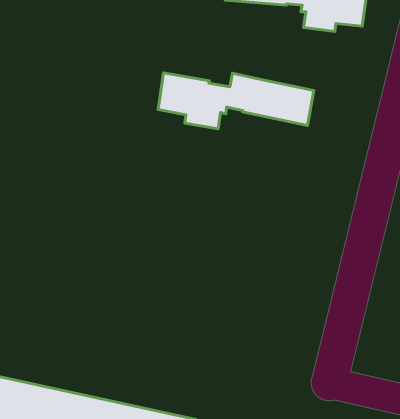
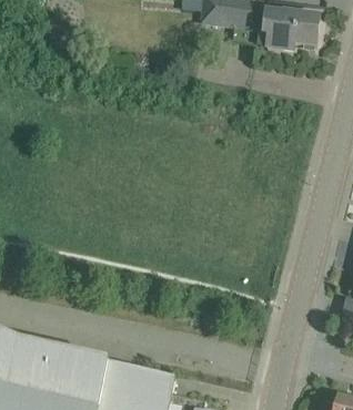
building: [158,73,314,129] -> none

